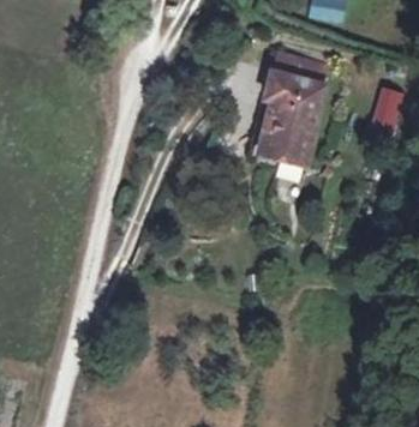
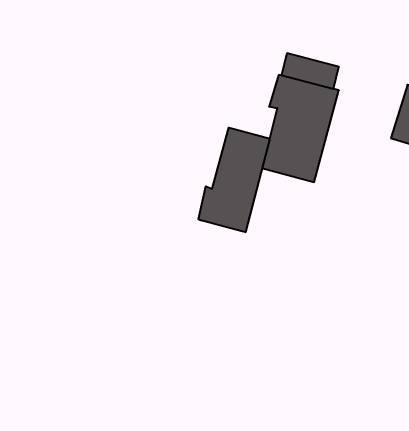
building: none -> [198,128,270,232]

